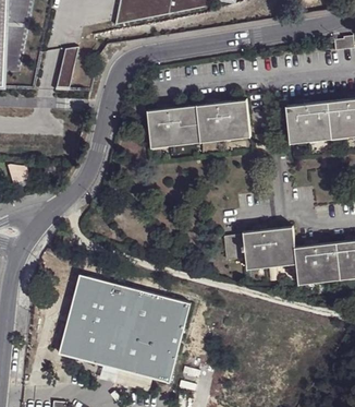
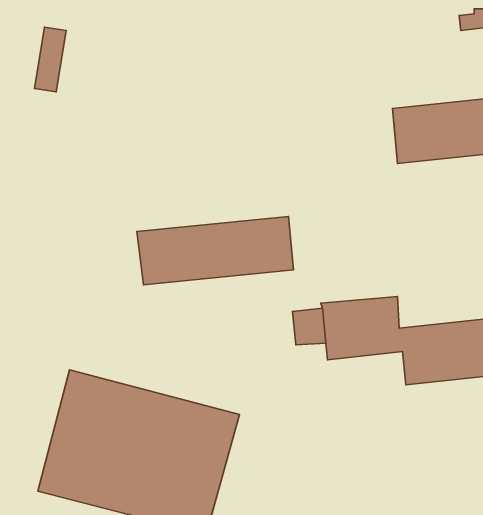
building: [151,97,254,142] -> [137,217,293,285]

